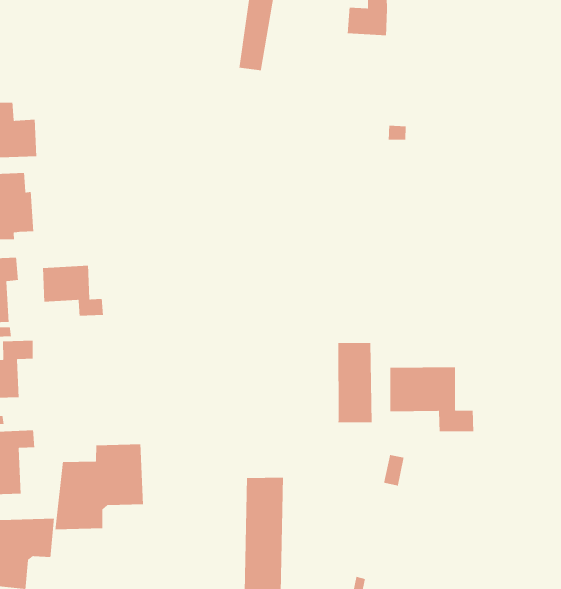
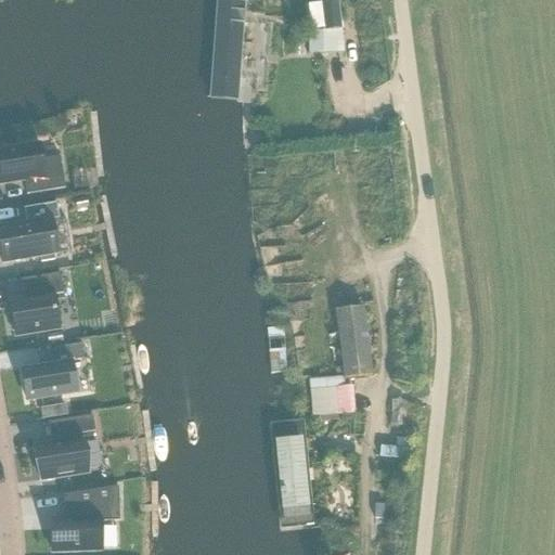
building: [42,265,104,317] -> none
building: [390,366,474,432] -> none
building: none -> [309,374,354,414]
building: [54,443,144,530] -> none

